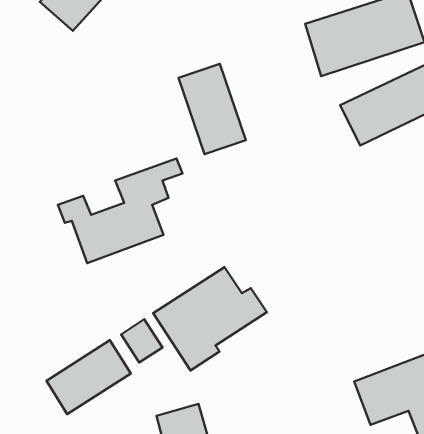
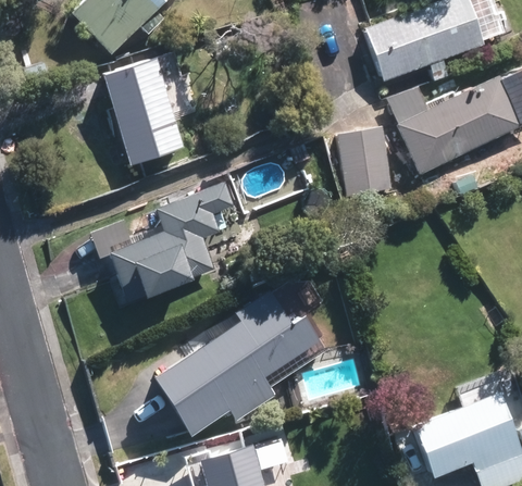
building: [179,64,246,154] -> [105,62,178,160]
building: none -> [343,130,387,186]
building: [46,340,131,414] -> none

